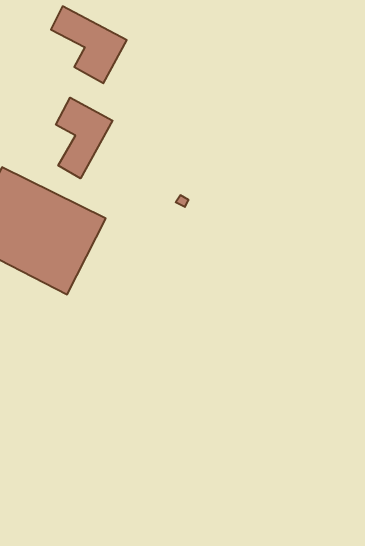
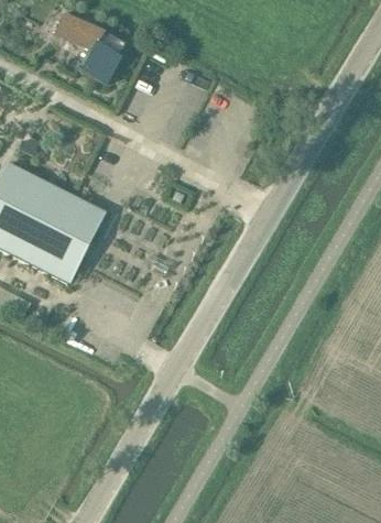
building: [56,98,113,178] -> none

